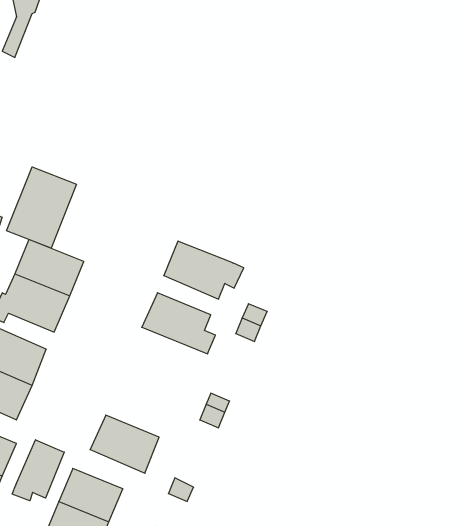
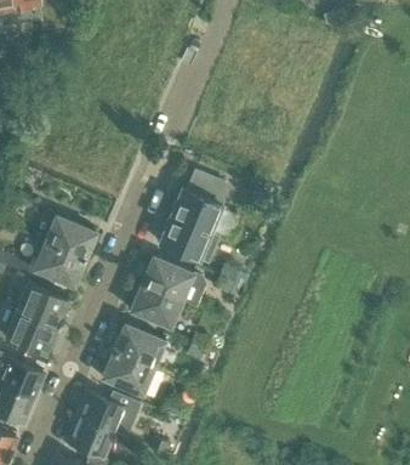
building: [7,167,77,248] -> none
building: none -> [170,170,229,233]
building: none -> [131,283,193,328]
building: none -> [114,324,167,368]
building: [12,440,64,501] -> none

